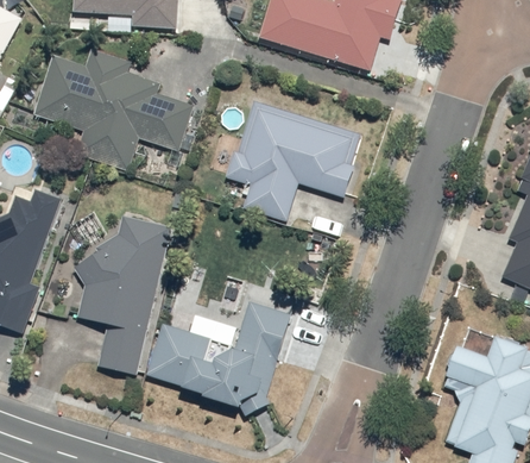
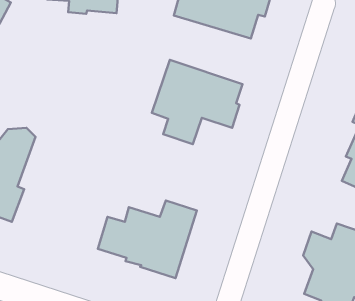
building: [34,49,191,173] -> none
building: [77,220,169,376] -> none

